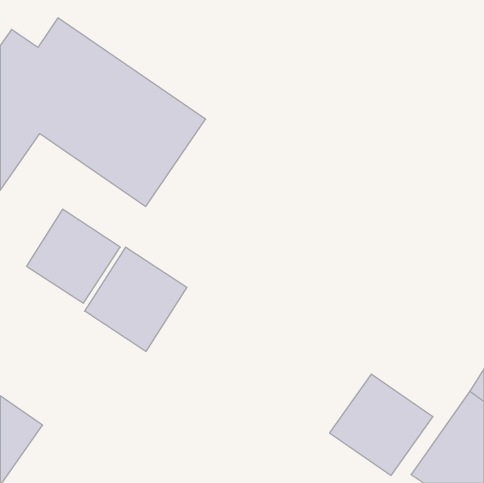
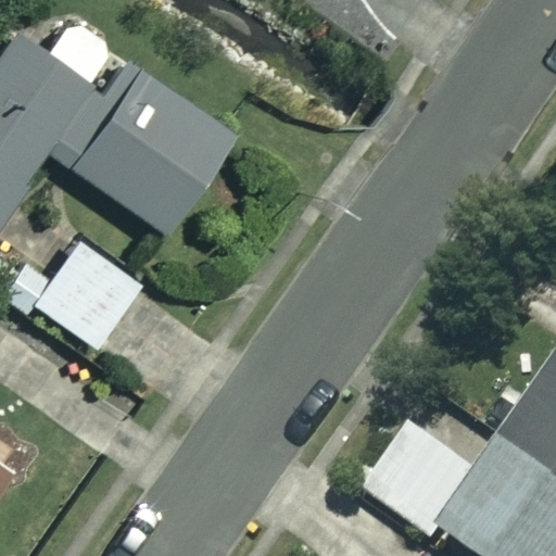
building: [85,247,187,351] -> none

